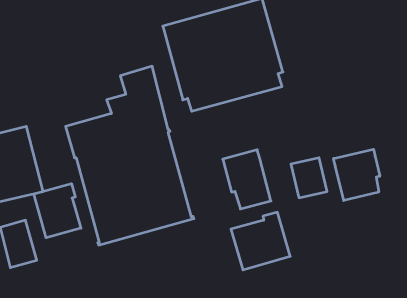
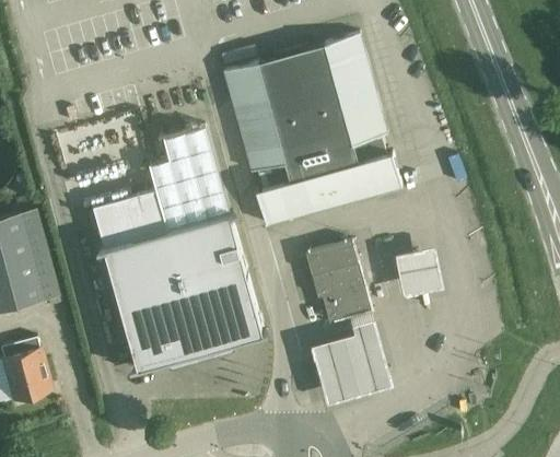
building: none -> [255,152,400,225]
building: [334,149,380,201] -> none
building: [34,184,81,238] -> none

